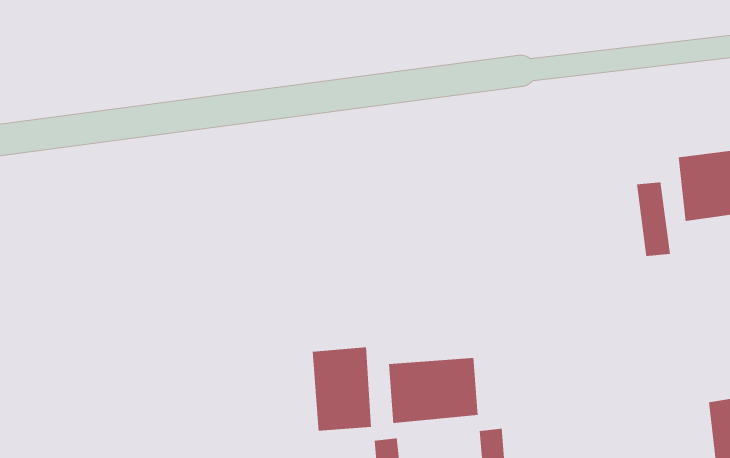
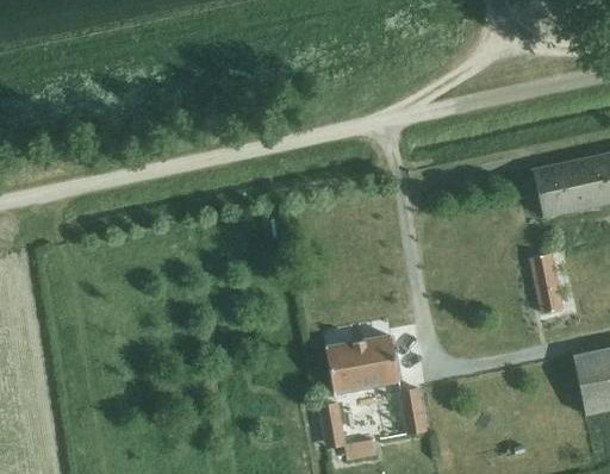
building: [636,182,671,257] -> [531,254,562,312]
building: [312,347,371,432] -> none

